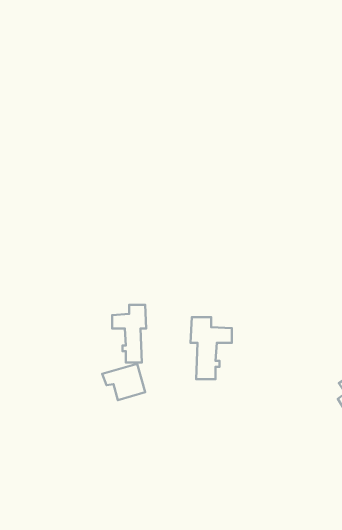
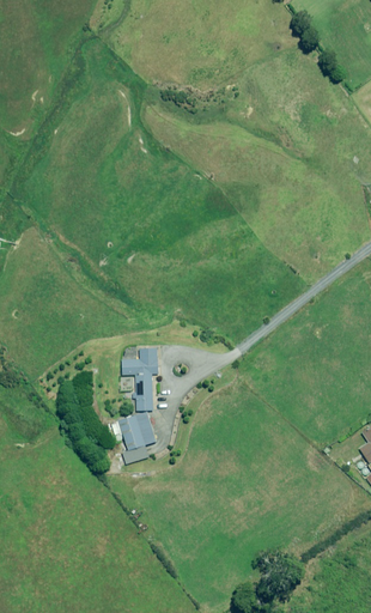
building: [191,317,232,379] -> none

